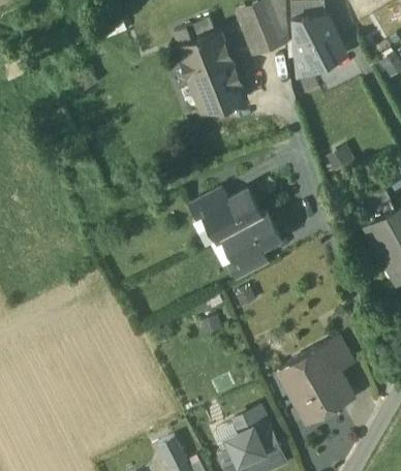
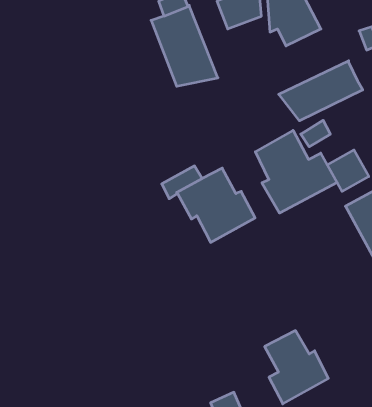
building: none -> [279,61,363,121]
building: none -> [255,130,337,213]
building: [227,251,268,281] -> none
building: [319,339,351,373] -> none

